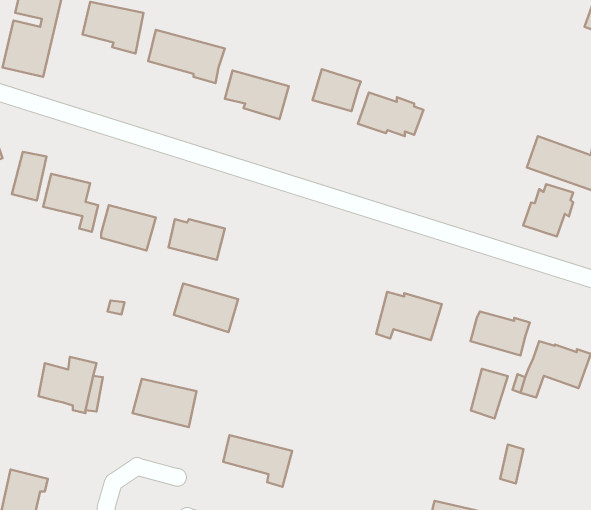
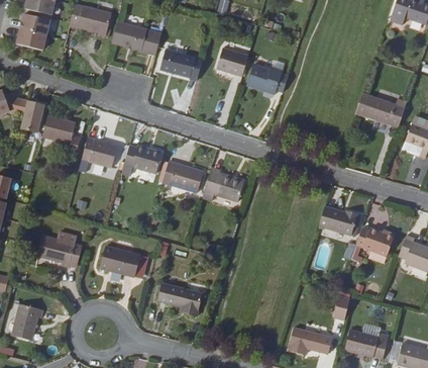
building: [523,184,573,237] -> none
building: [174,284,238,332] -> [160,159,202,190]
building: [376,292,442,340] -> [200,170,242,201]
building: [471,369,508,418] -> none

